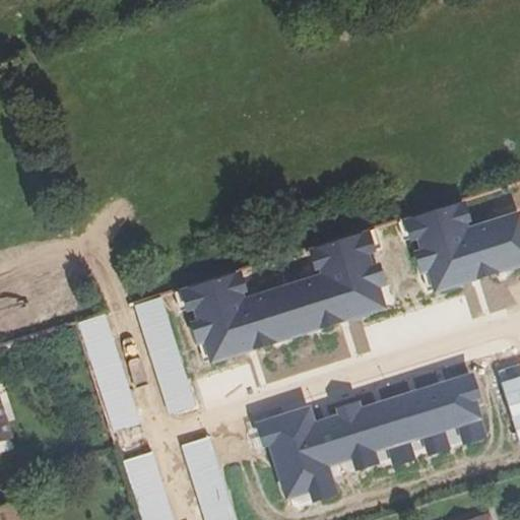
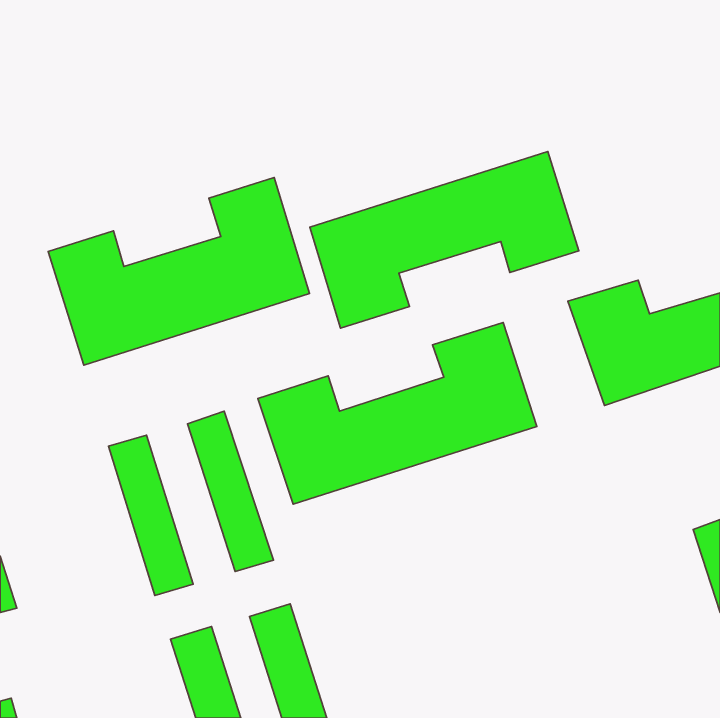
building: none -> [310,152,579,328]
building: none -> [48,178,309,365]
building: [259,372,486,503] -> none

